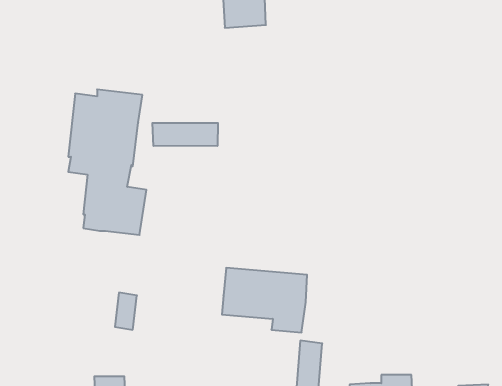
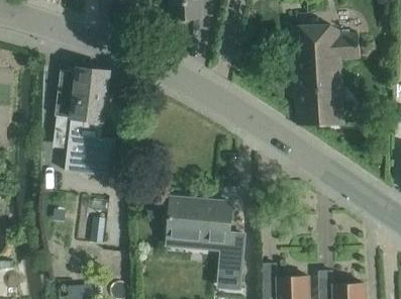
building: none -> [292,25,359,125]
building: [152,123,218,146] -> none

